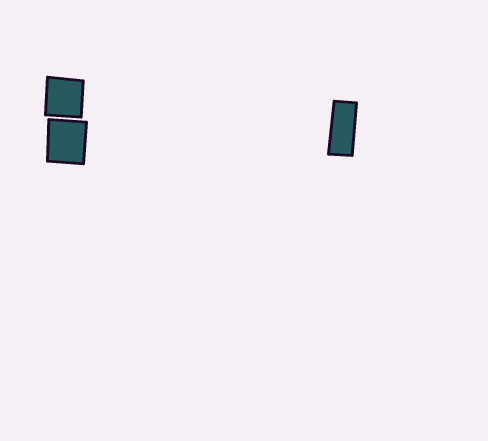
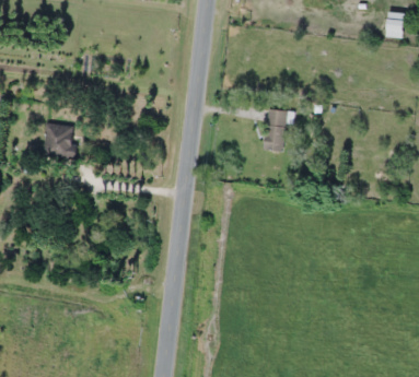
building: [45,77,83,117] -> none

